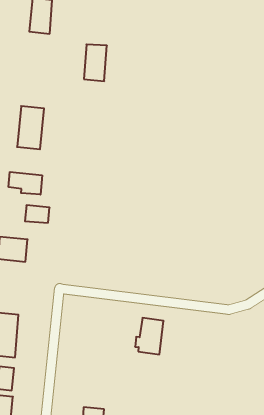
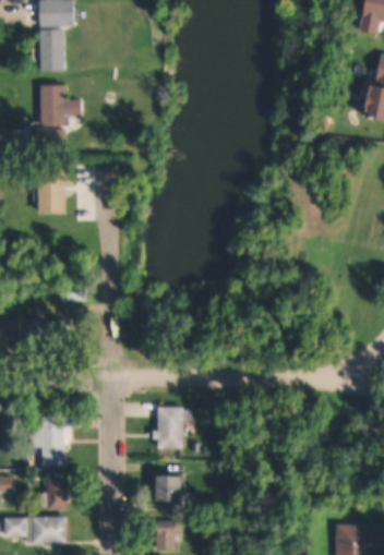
building: [84,44,107,81] -> [41,84,68,128]
building: [9,172,42,195] -> none
building: [135,318,164,354] -> [151,407,182,449]
building: none -> [156,475,181,502]

